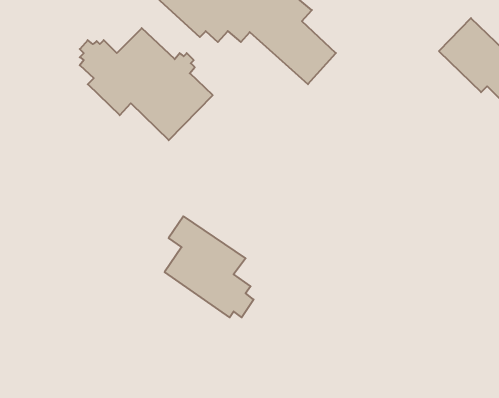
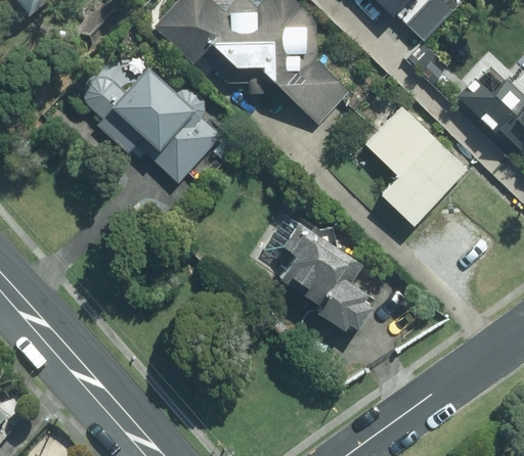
building: none -> [364,106,467,225]
building: [165,216,254,317] -> [280,220,372,323]

